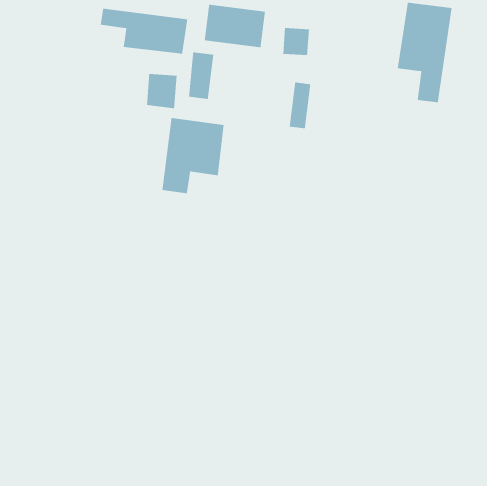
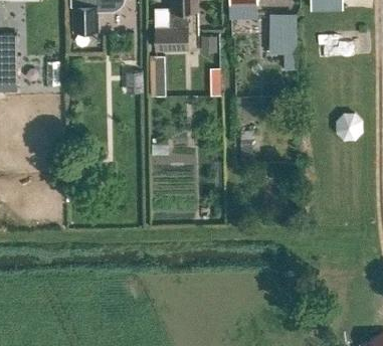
building: [100,8,188,55] -> none
building: [162,117,224,194] -> none

